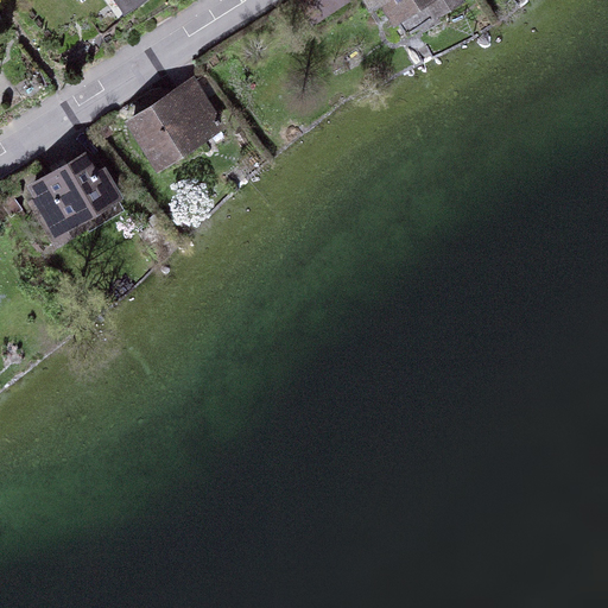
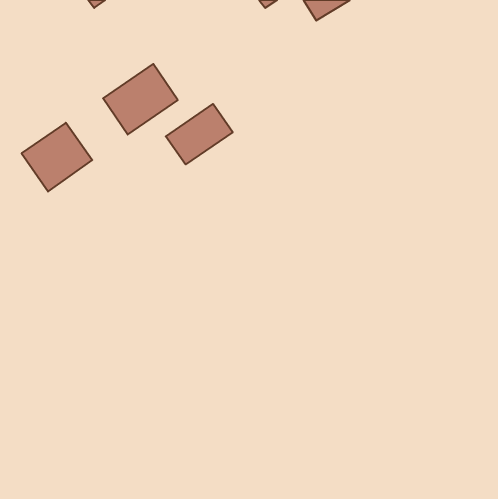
building: none -> [166,104,233,164]

